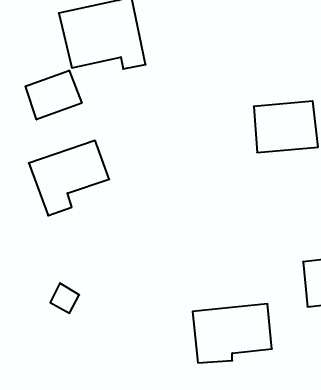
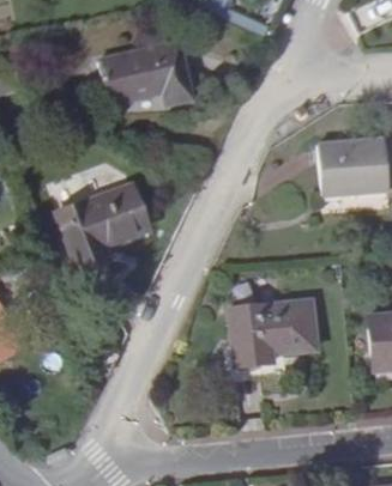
building: [26,70,82,120] -> none
building: [193,304,272,363] -> [227,303,315,369]

